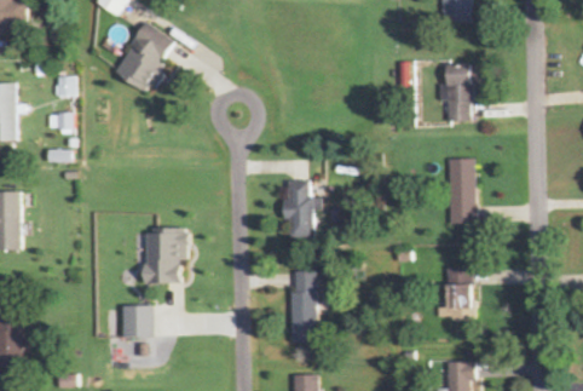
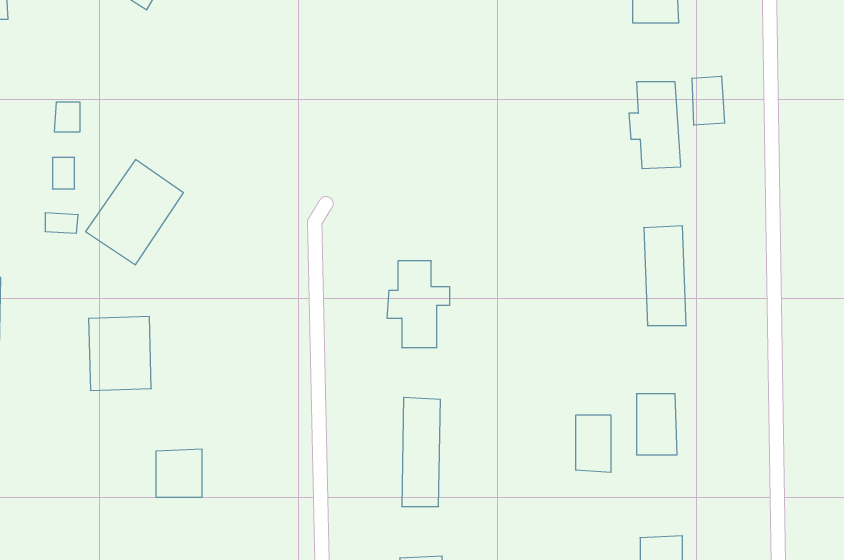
building: [121,22,185,91] -> [86,160,183,265]
building: none -> [692,76,725,125]
building: [150,235,191,283] -> [89,317,151,390]
building: none -> [576,415,611,472]

